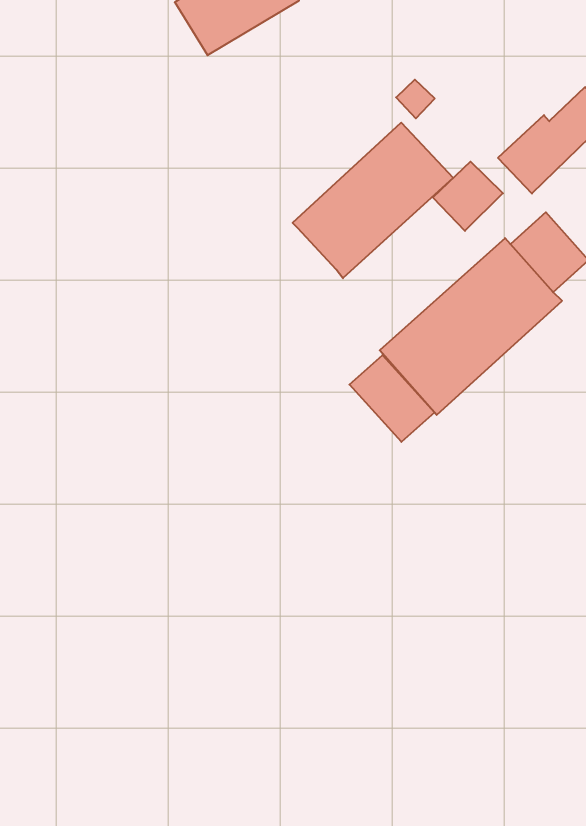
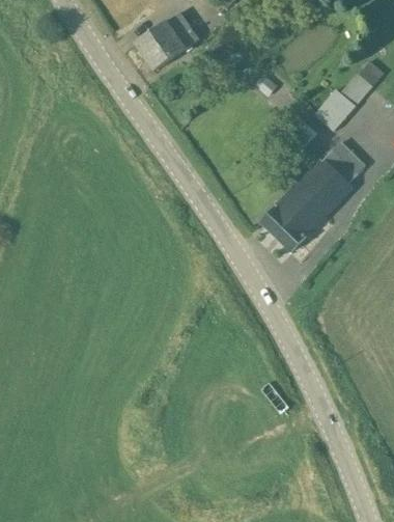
building: [293,123,453,278] -> none
building: [349,355,434,442] -> none

